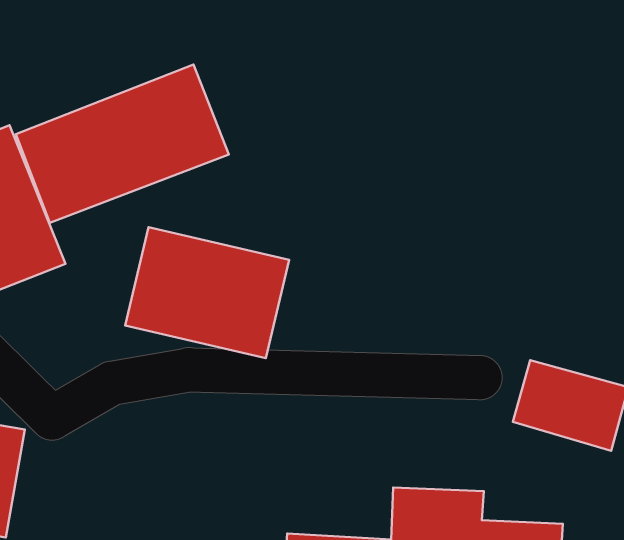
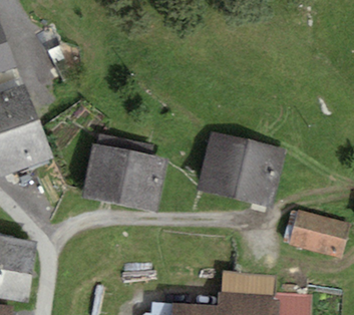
building: [16,64,229,223] -> none
building: none -> [203,127,289,202]

